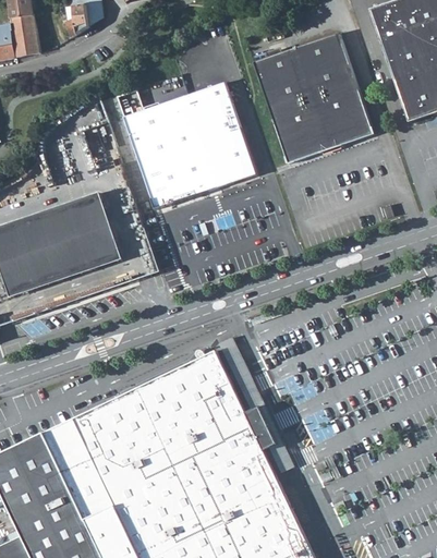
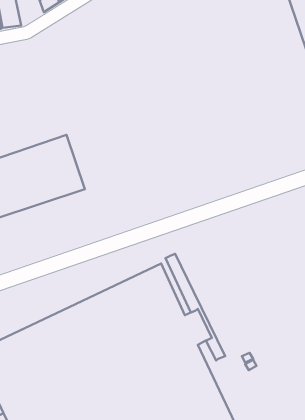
building: [254,36,374,166] -> none
building: [123,83,256,211] -> none

